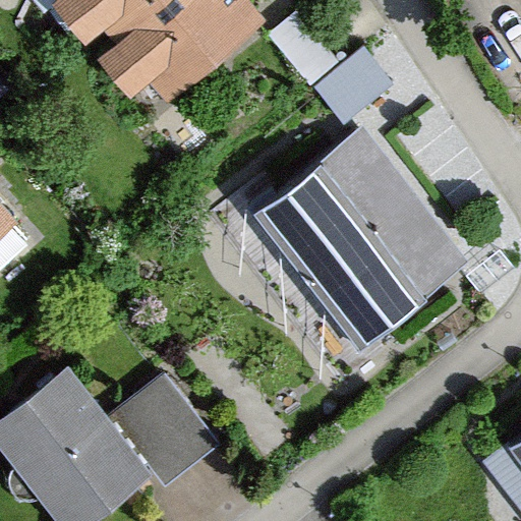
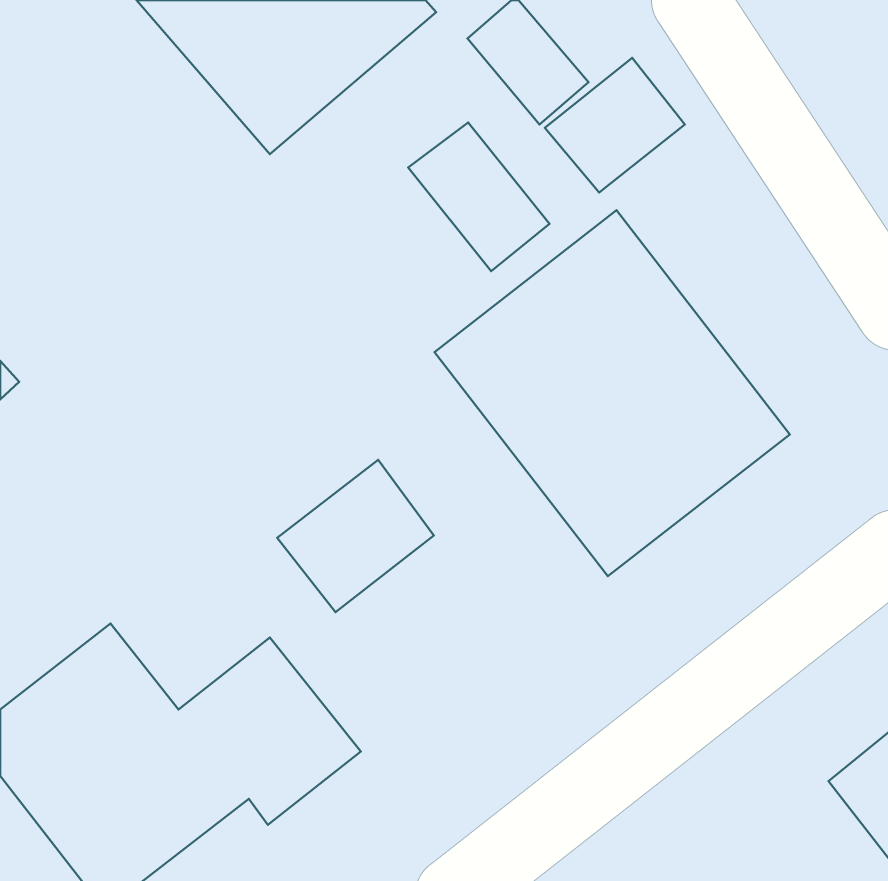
building: none -> [408,122,550,271]
building: none -> [277,460,434,612]

